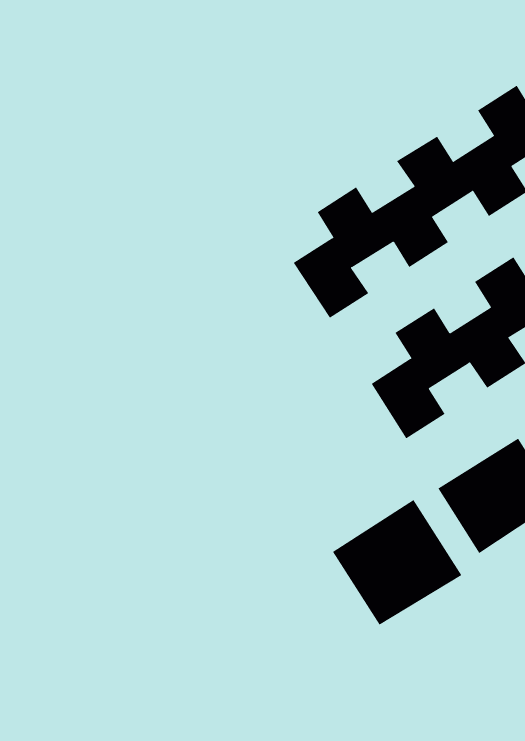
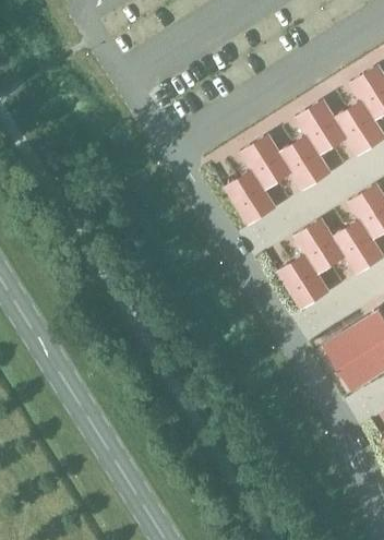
building: [332,499,462,625] -> none

